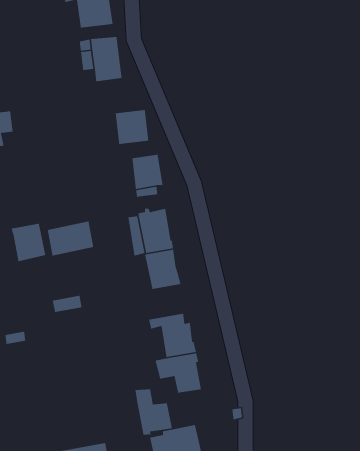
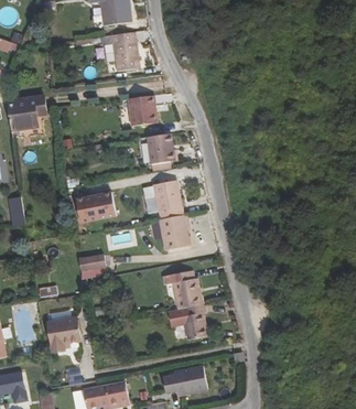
building: [10,223,46,262] -> none
building: none -> [47,317,79,351]
building: [135,389,173,436] -> none

